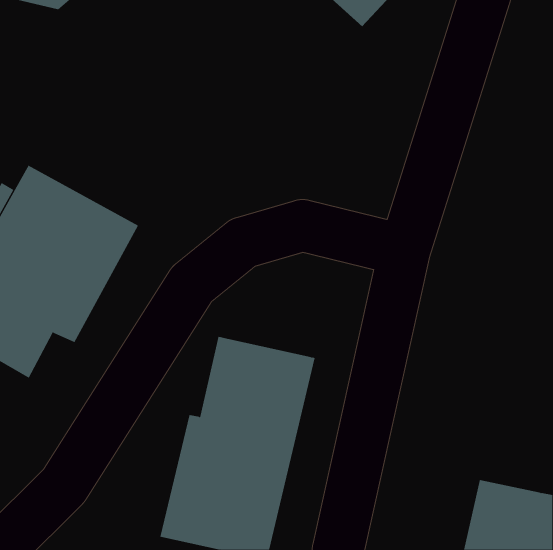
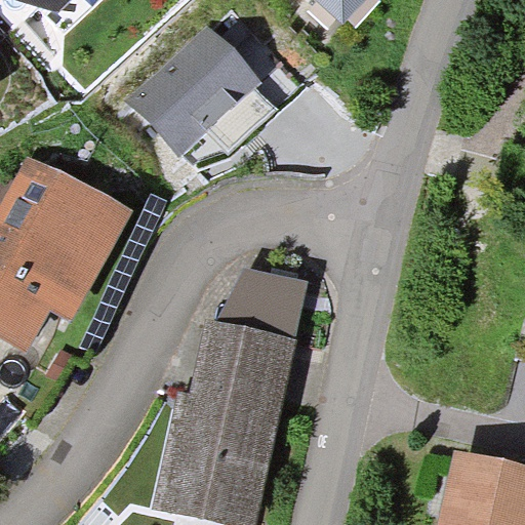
building: none -> [123,12,272,159]
building: none -> [215,268,307,337]

